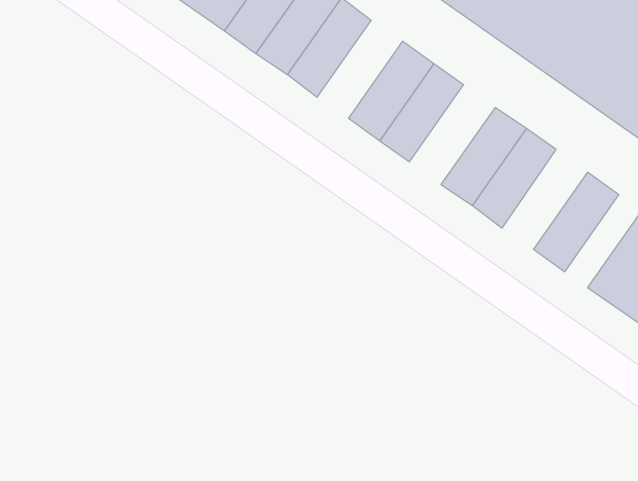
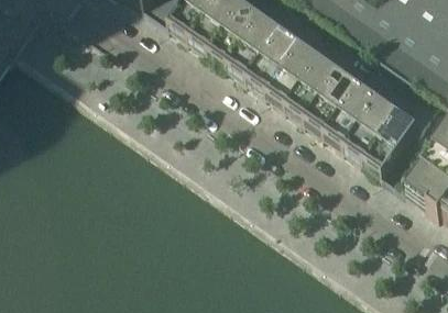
building: none -> [229,13,283,75]
building: none -> [287,54,341,116]
building: none -> [346,94,400,157]

